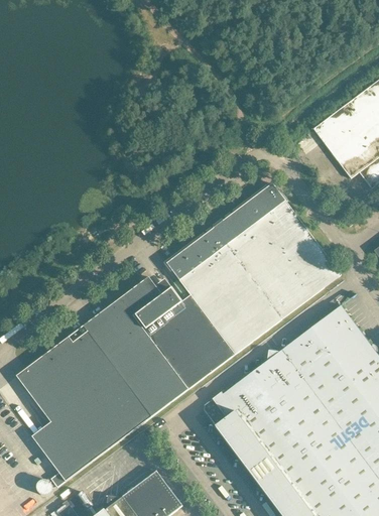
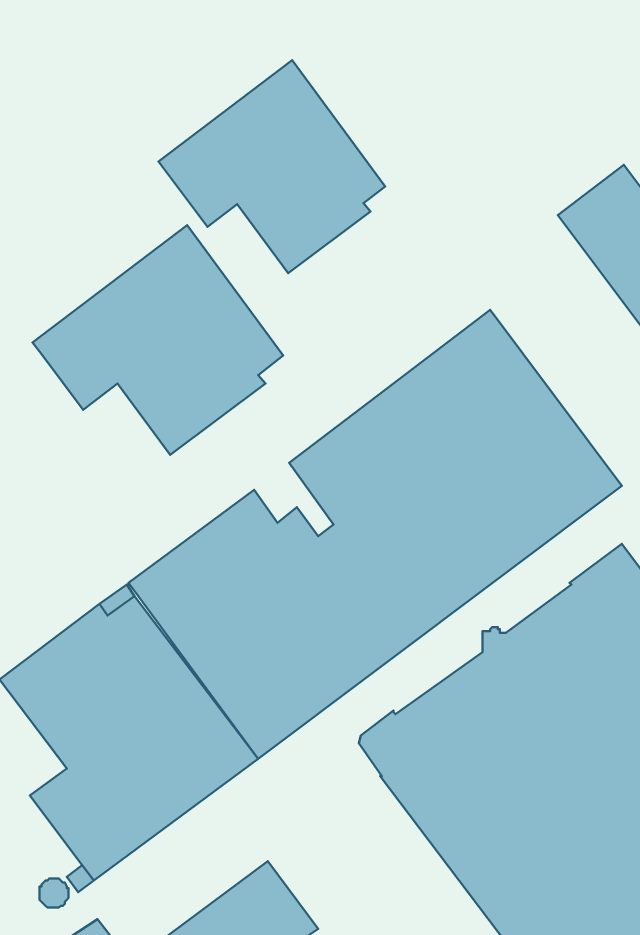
building: none -> [158,60,385,273]
building: none -> [33,225,283,455]

